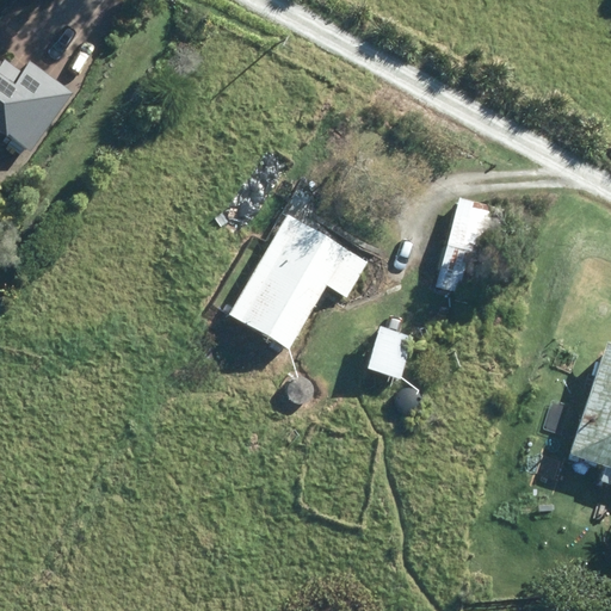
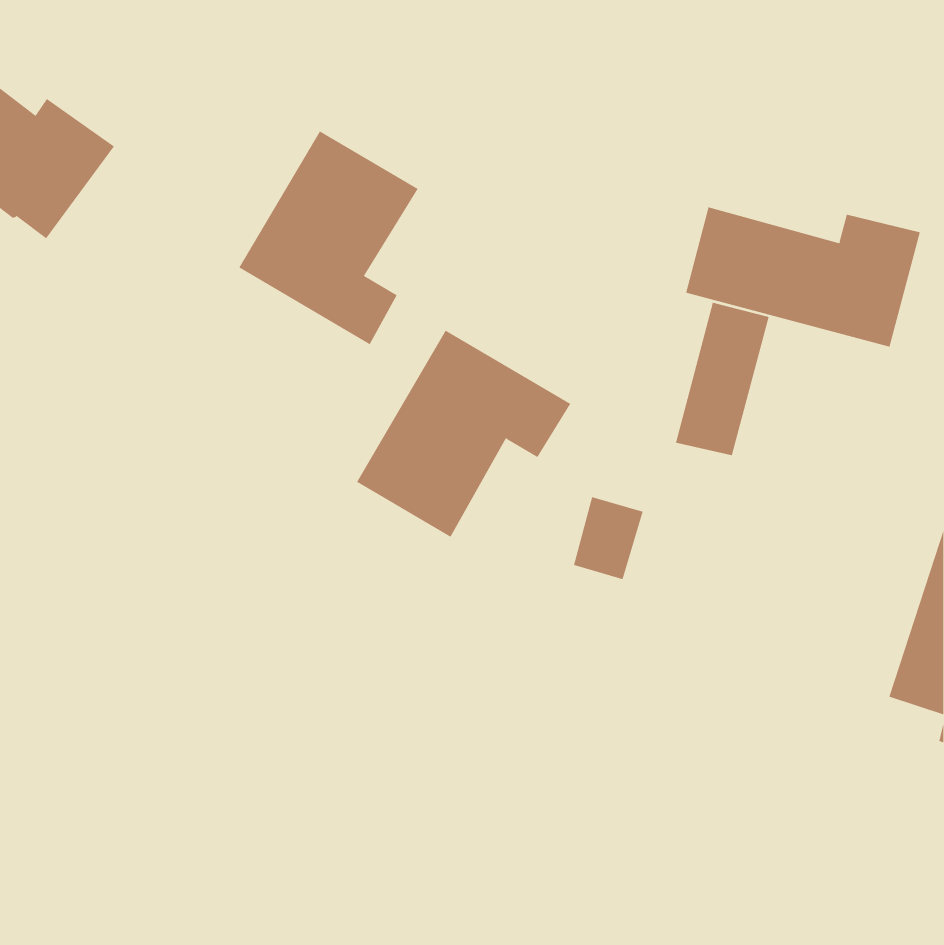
building: none -> [239,131,418,345]
building: none -> [685,207,920,347]

